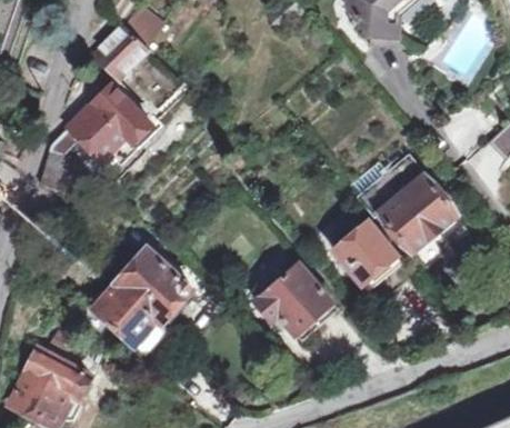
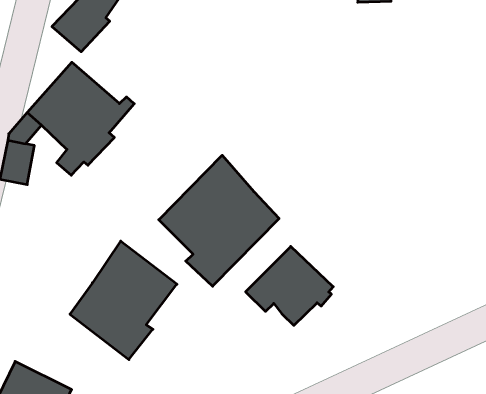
building: [357,155,457,251] -> none
building: none -> [159,155,279,286]
building: [330,219,400,290] -> none

